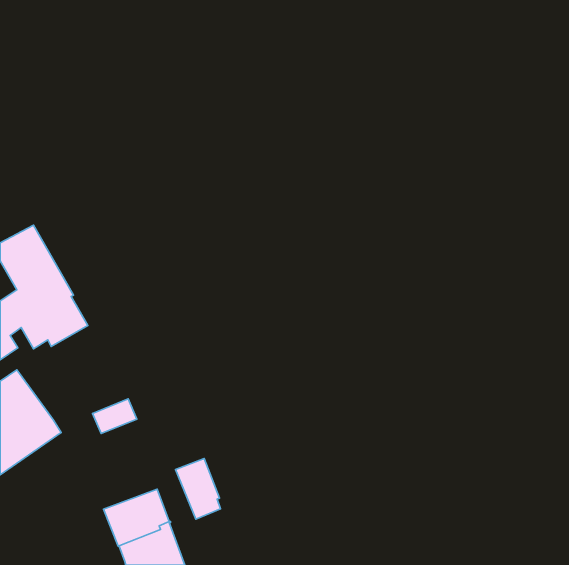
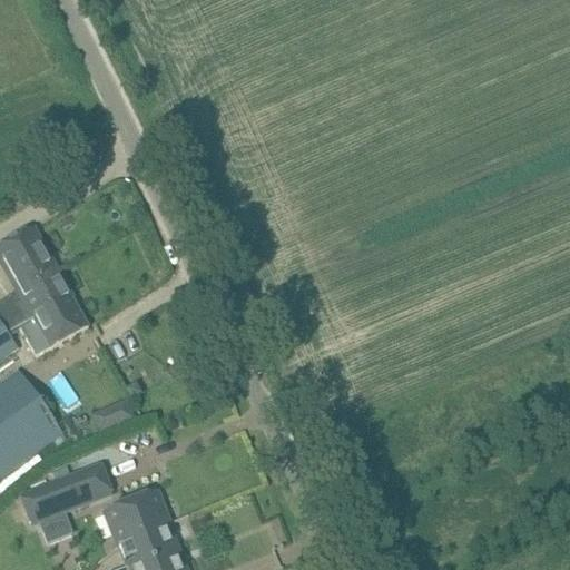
building: [176,458,221,519] -> none
building: none -> [20,463,112,541]

